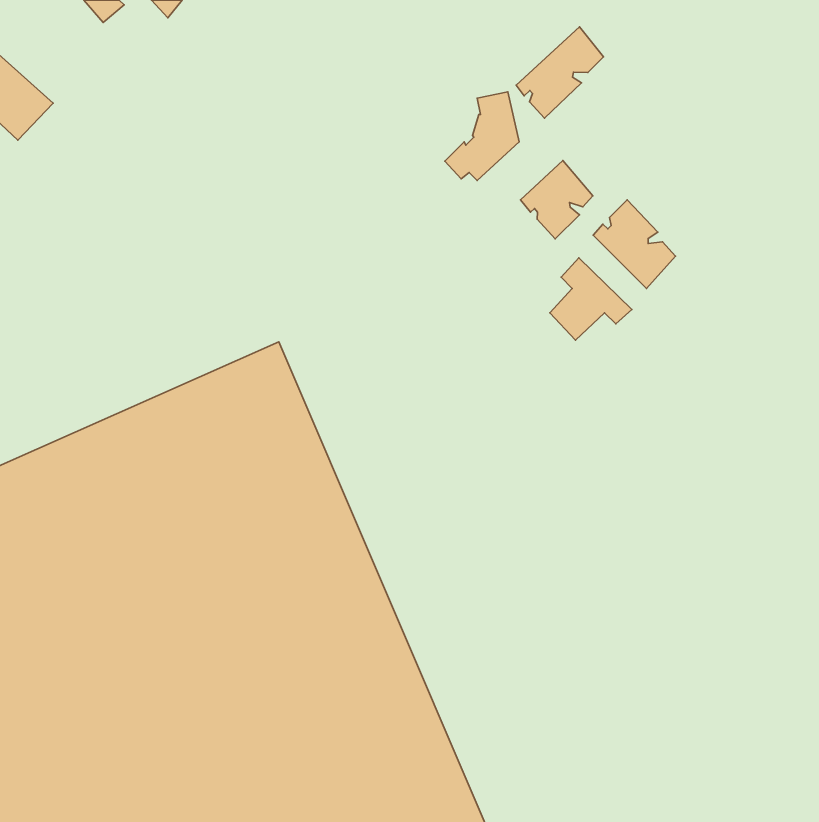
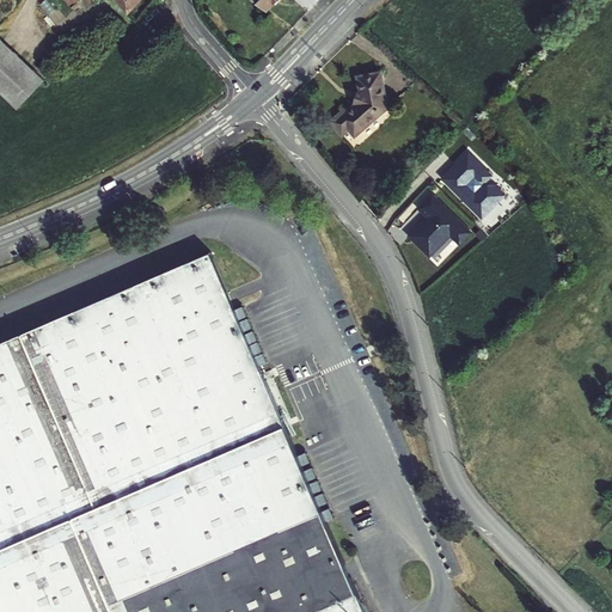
building: [516,27,604,118] -> none
building: [520,161,593,239] -> none

